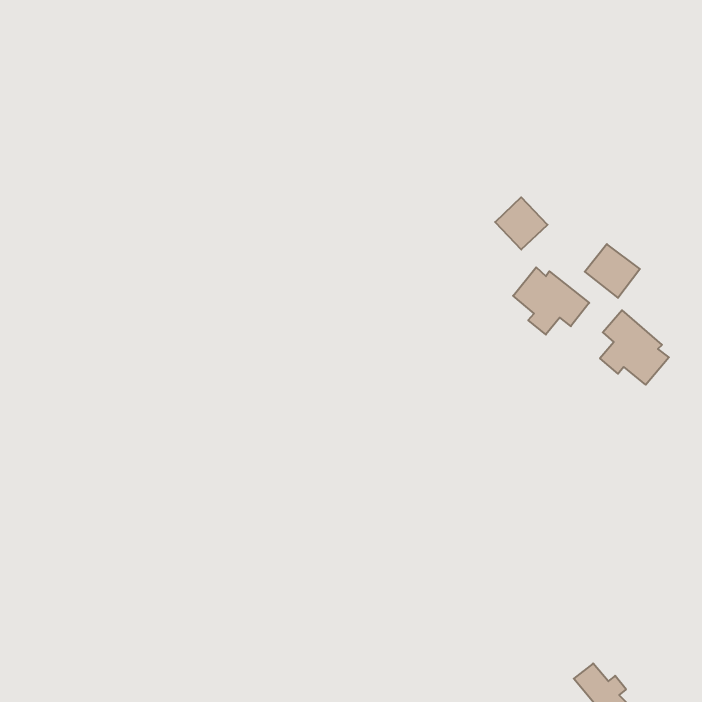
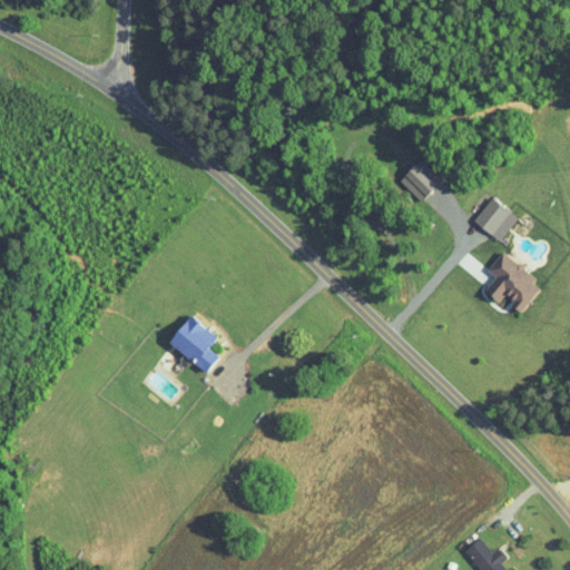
building: [513,267,589,335] -> none
building: none -> [168,315,218,372]

